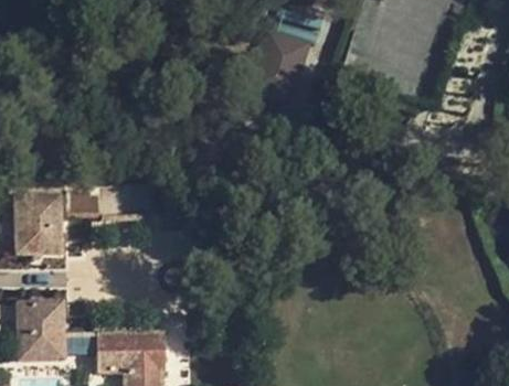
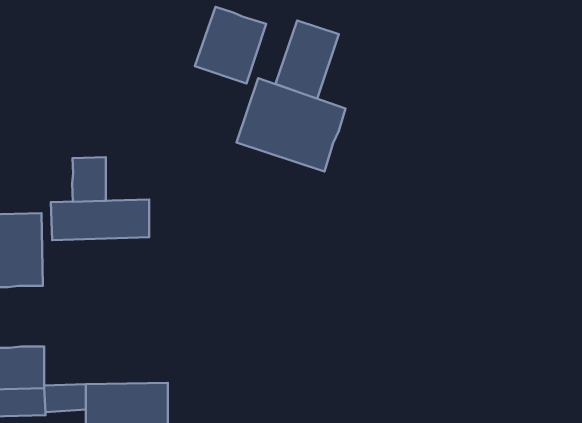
building: none -> [195,7,266,84]
building: none -> [237,78,346,171]
building: none -> [72,157,106,202]

